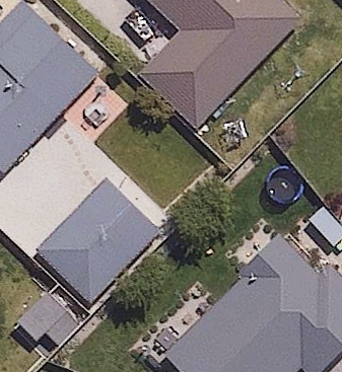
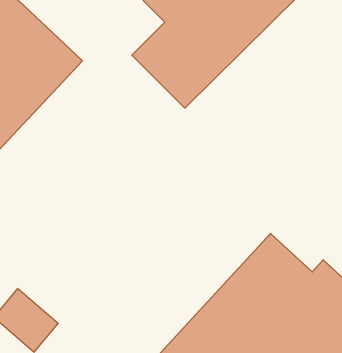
building: [36,181,154,300] -> none

